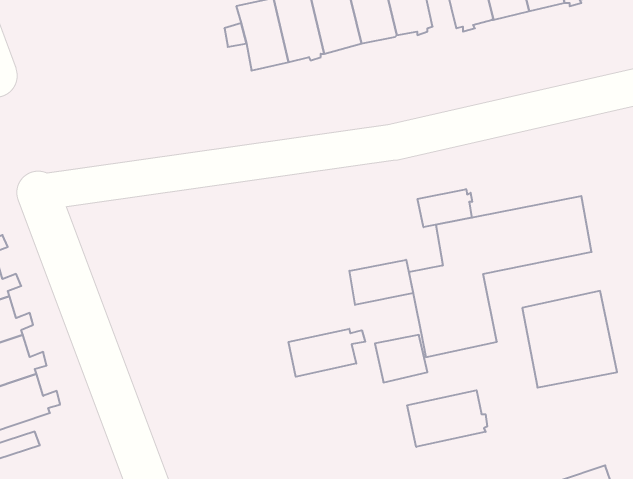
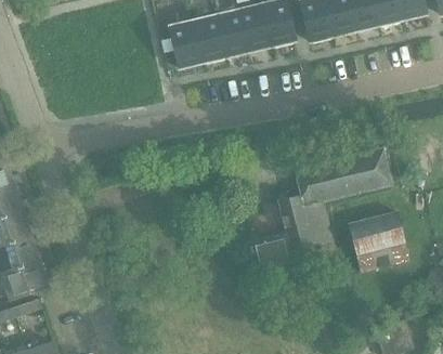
building: [418,189,472,227] -> none
building: [349,260,413,305] -> none
building: [289,329,365,377] -> none
building: [407,390,487,447] -> none

